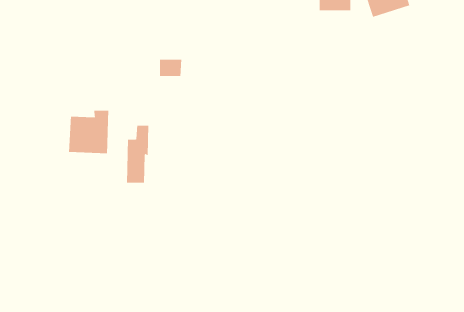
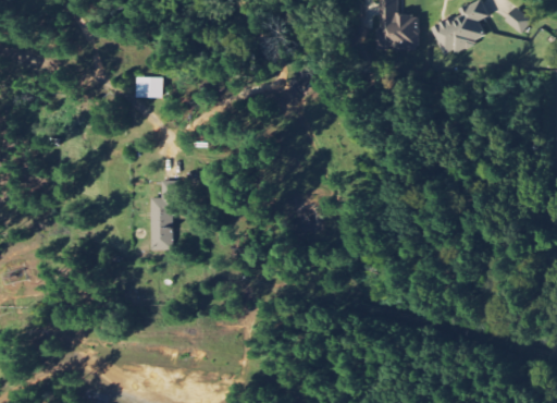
building: [159,59,182,77] -> [137,76,164,97]
building: [69,110,109,154] -> none

